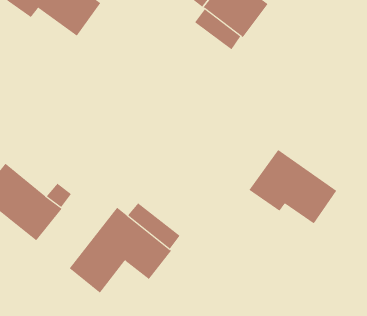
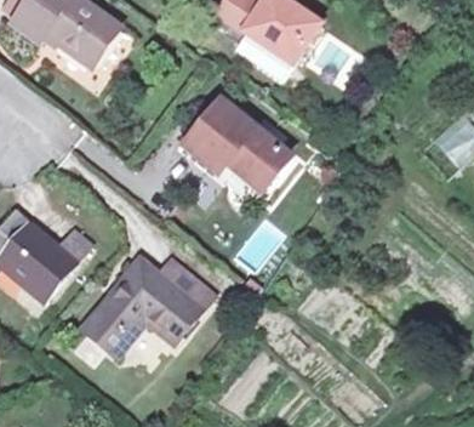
building: [248,149,337,224] -> [185,101,289,188]

